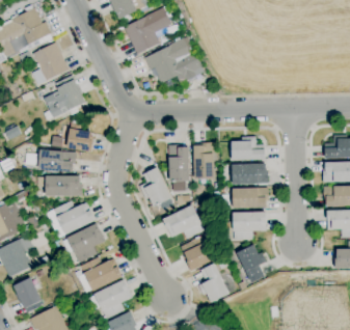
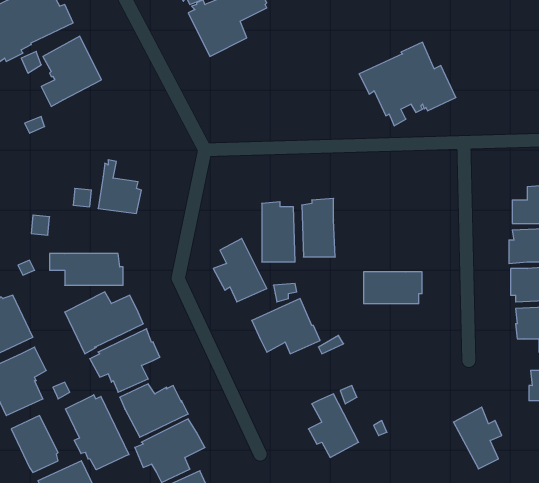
building: [143,37,204,89] -> [359,42,456,126]
building: [44,75,85,118] -> none
building: [231,136,265,160] -> none
building: [37,149,76,172] -> none
building: [232,164,268,184] -> none
building: [232,212,266,240] -> none
building: [180,236,212,271] -> none
building: [236,244,266,282] -> [453,407,502,469]
building: none -> [66,395,129,470]

